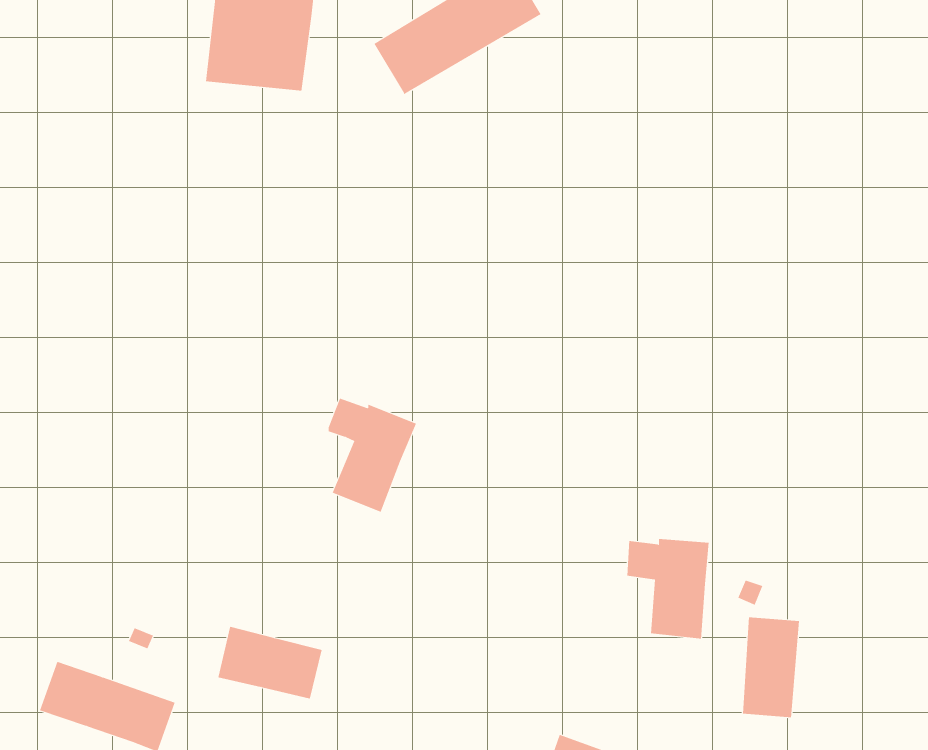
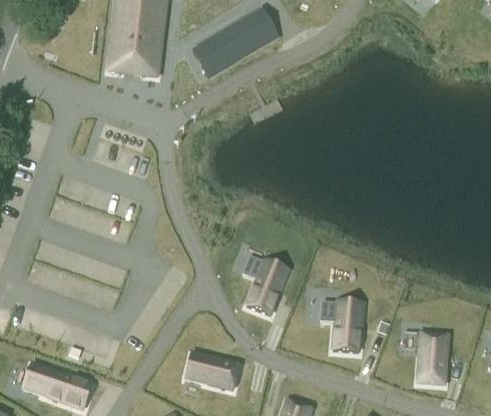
building: [328,398,417,513] -> [243,257,289,315]
building: [742,617,800,718] -> [419,333,448,384]
building: [218,626,322,699] -> [185,352,238,389]

